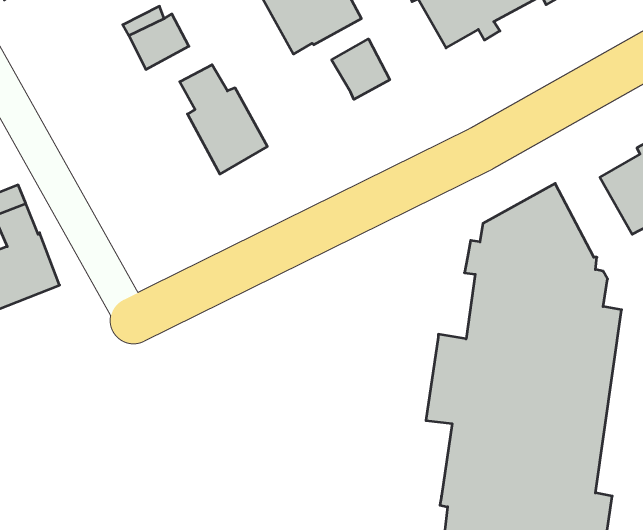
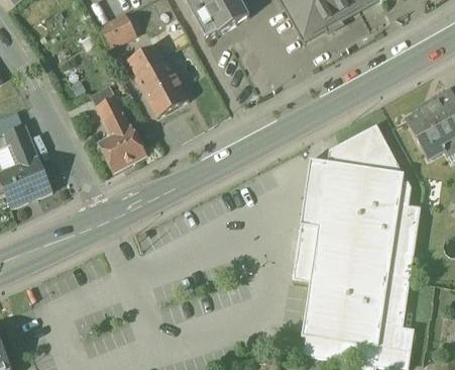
building: [332,39,390,99] -> none
building: none -> [96,95,146,172]
building: none -> [300,159,324,225]

